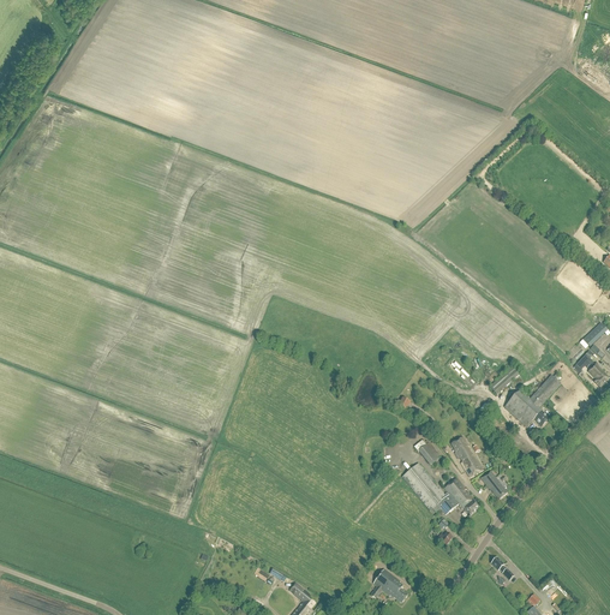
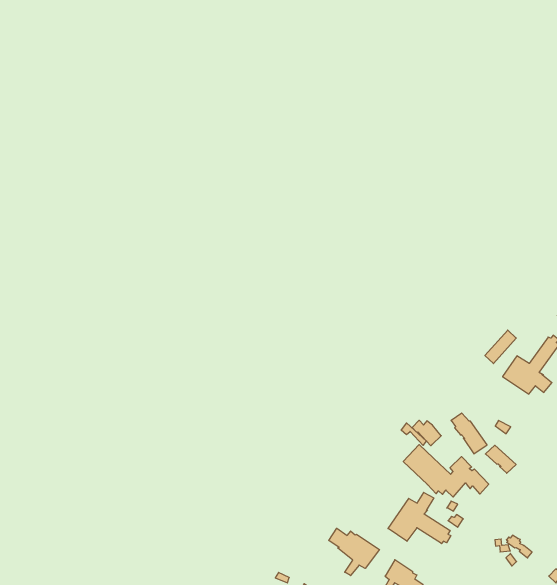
building: none -> [388,492,451,544]
building: none -> [329,528,379,576]

